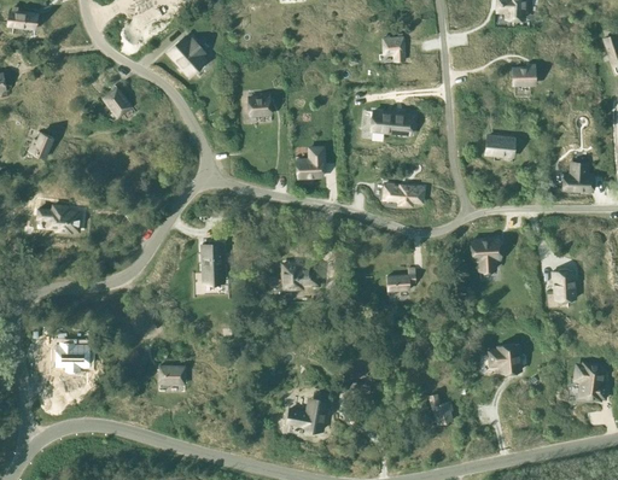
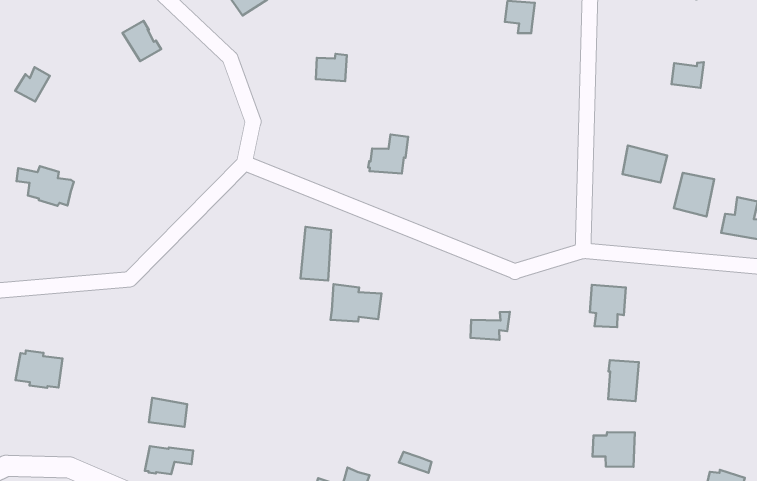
building: [371,110,412,133] -> none
building: none -> [674,173,714,217]
building: [383,182,422,205] -> none
building: [202,242,223,281] -> [301,227,331,280]
building: [552,269,575,299] -> [608,360,639,401]
building: none -> [145,446,193,474]

